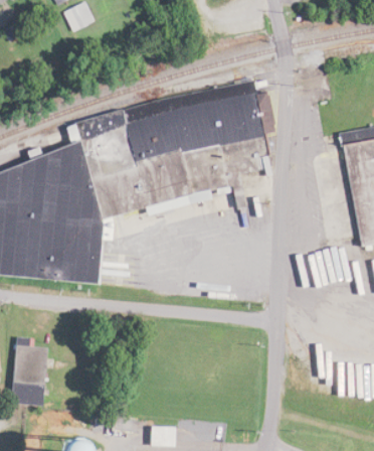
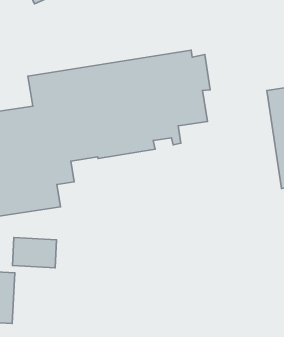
building: none -> [13,238,56,268]

